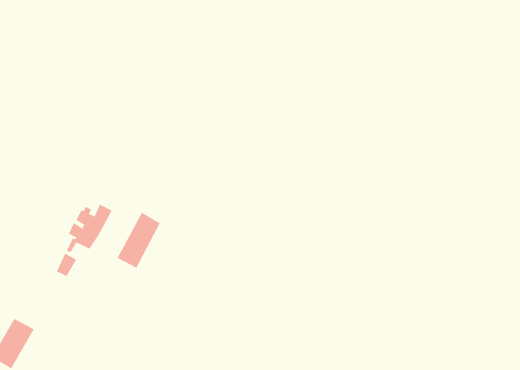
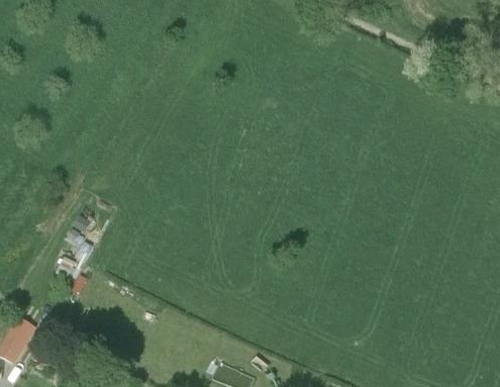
building: [117,212,160,269] -> none

